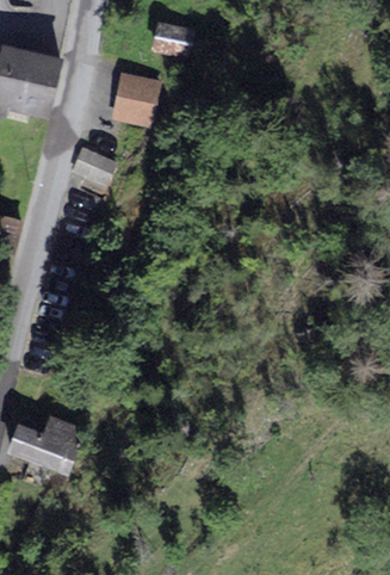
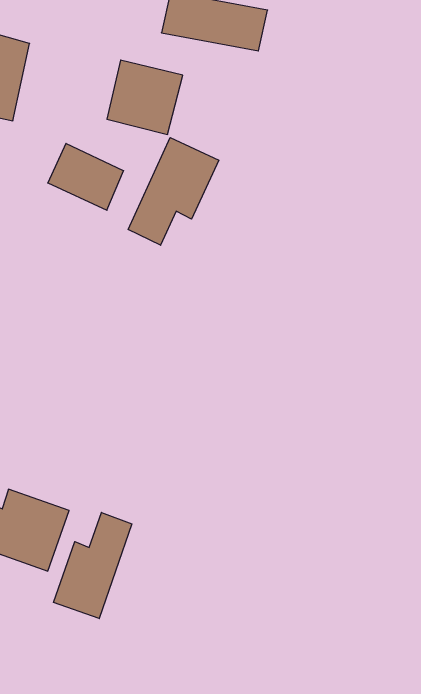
building: none -> [128,138,219,245]
building: none -> [53,512,132,619]

